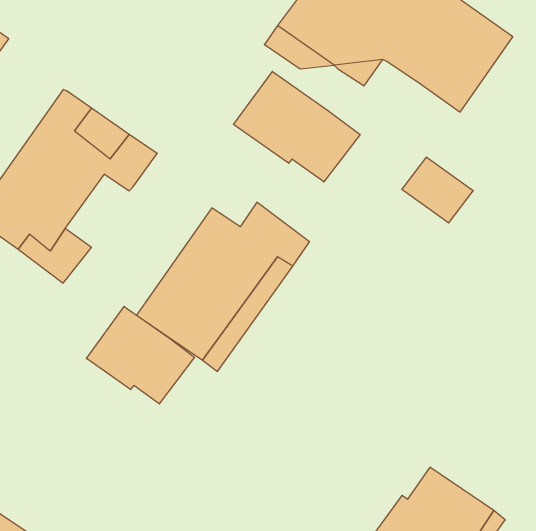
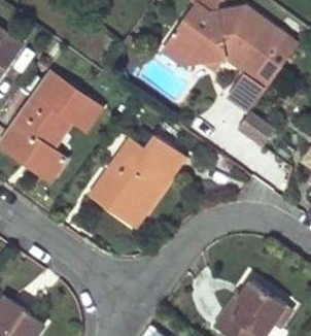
building: [234,71,360,182] -> none
building: none -> [229,70,268,110]
building: [86,306,194,404] -> none

